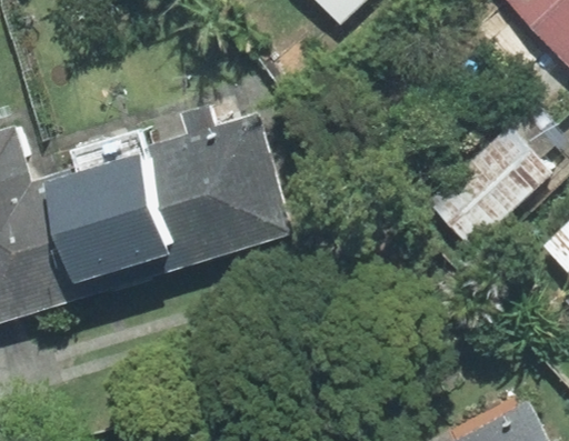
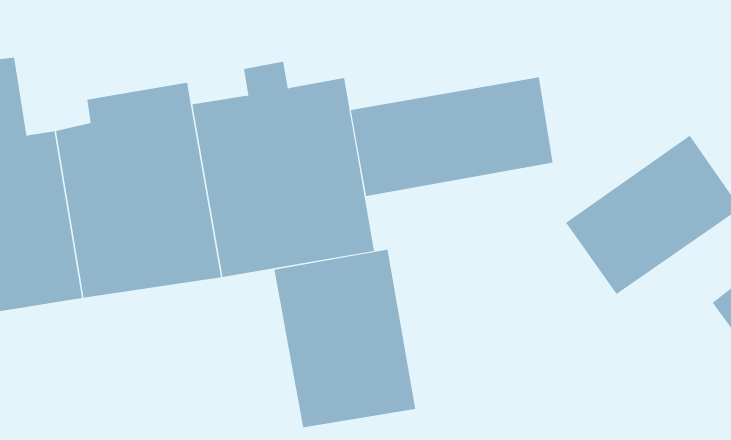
building: none -> [350,77,553,197]
building: none -> [274,249,416,428]

